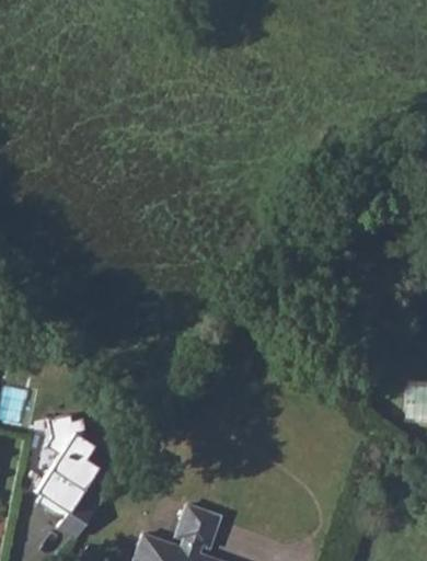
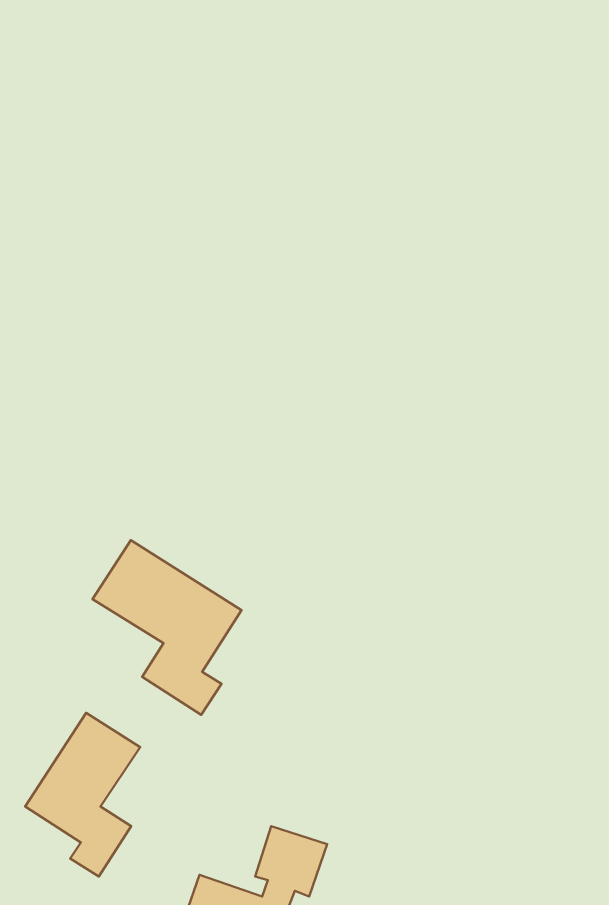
building: none -> [93,540,242,715]

